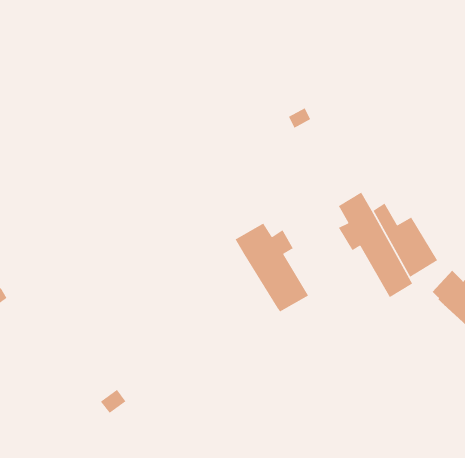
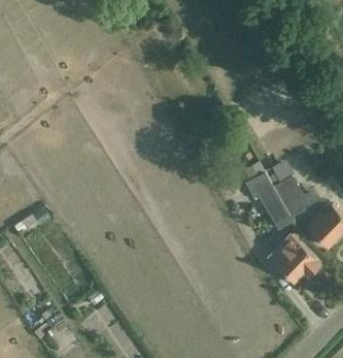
building: [234,223,309,313] -> none
building: none -> [269,235,322,284]

